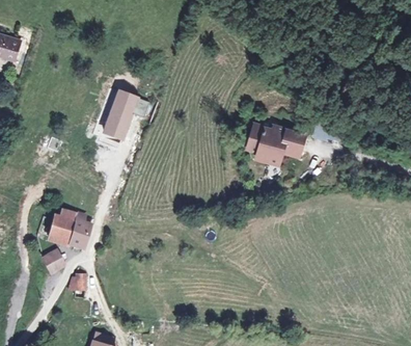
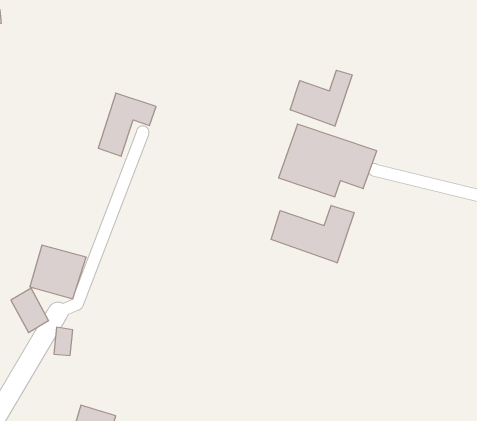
building: none -> [290,70,352,126]
building: none -> [271,205,354,263]

